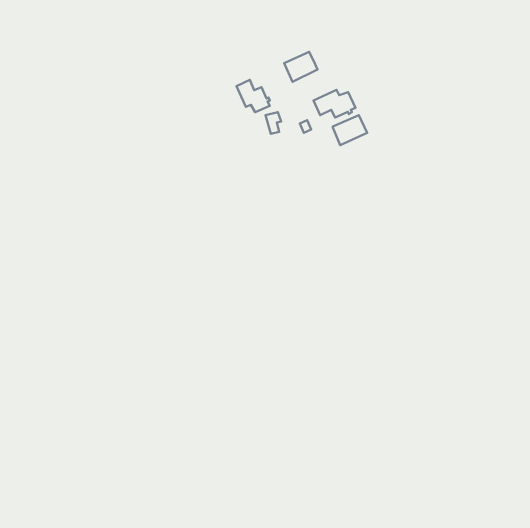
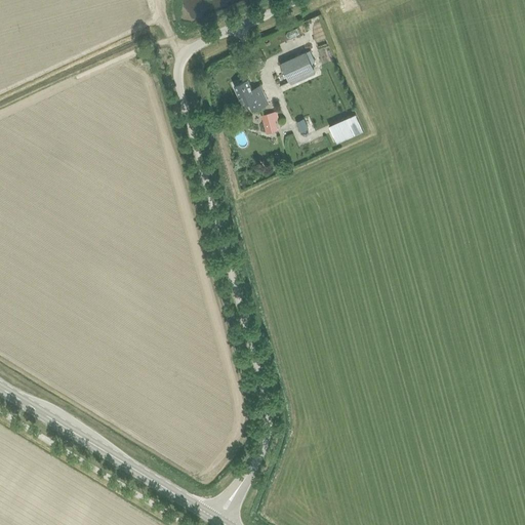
building: [314,90,356,118] -> none

